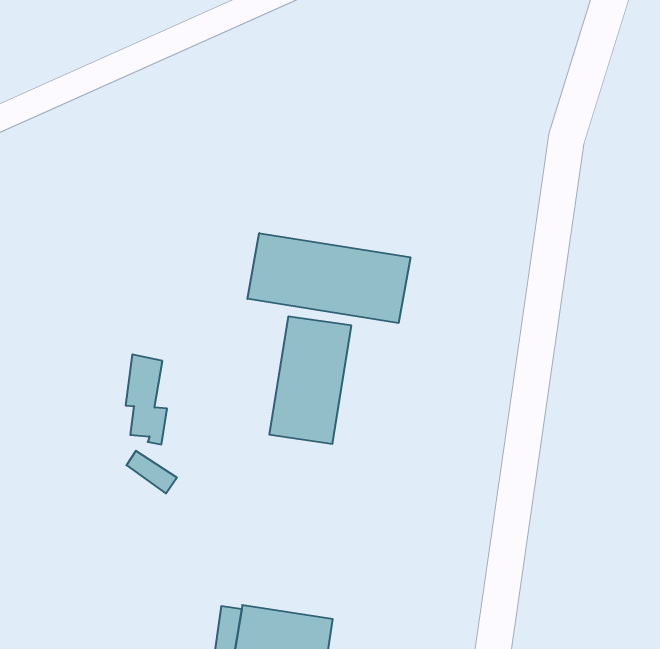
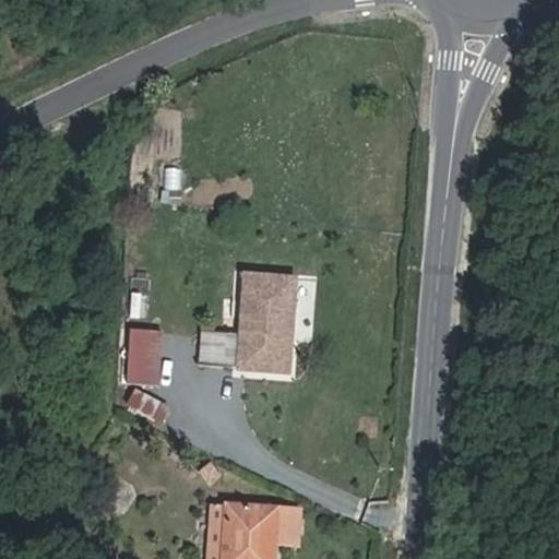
building: [247,233,410,323] -> none
building: none -> [200,326,235,367]

